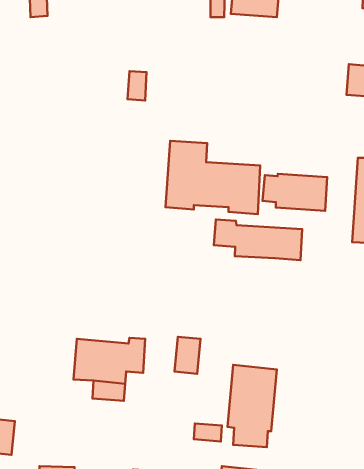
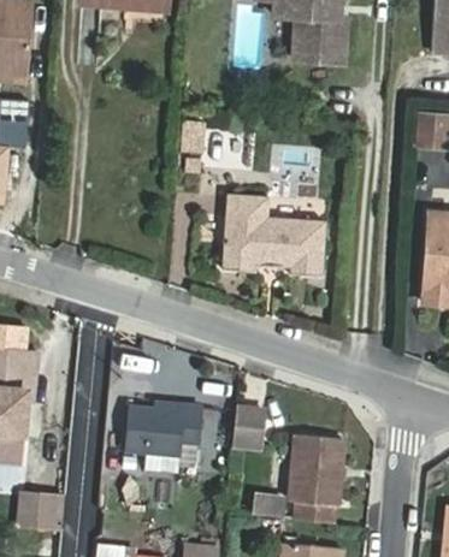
building: [262,174,327,211] -> none
building: [214,219,302,260] -> none

